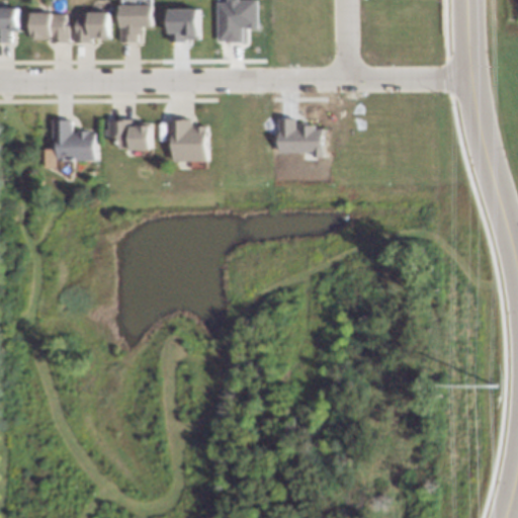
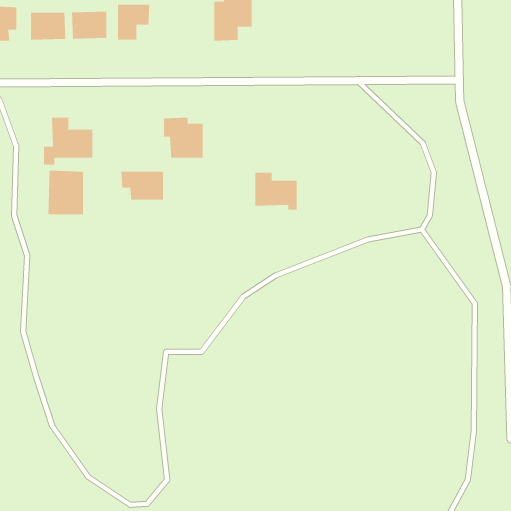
building: [168,8,198,39] -> none
building: [277,117,321,156] -> [254,172,298,210]
building: [106,119,150,149] -> [121,171,164,200]
building: none -> [48,170,84,215]

